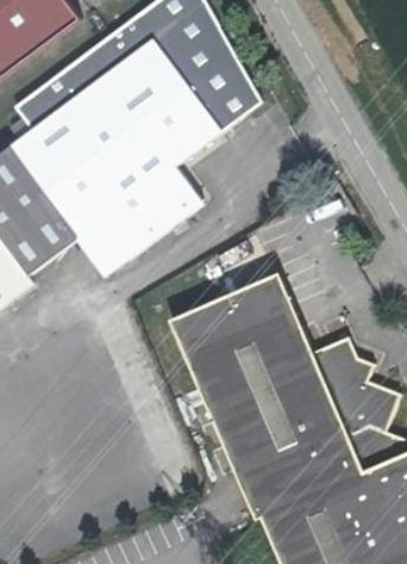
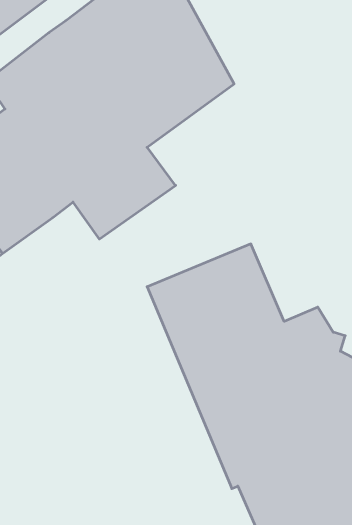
building: [77,227,124,277] -> none

